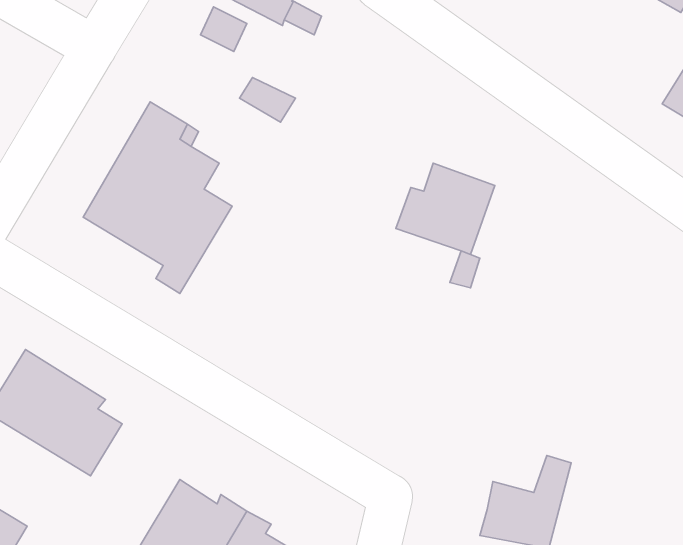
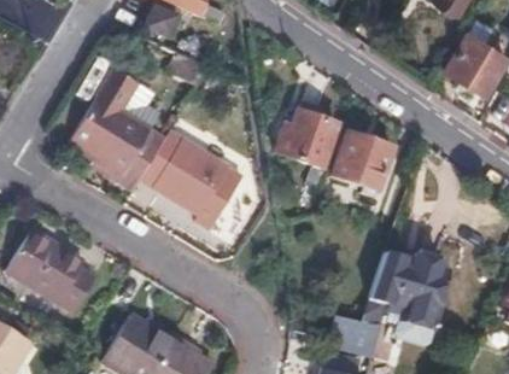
building: none -> [330,133,391,192]
building: none -> [153,139,244,232]
building: none -> [370,255,445,341]

